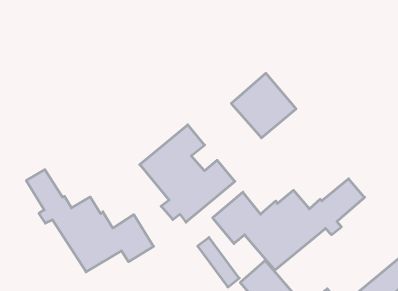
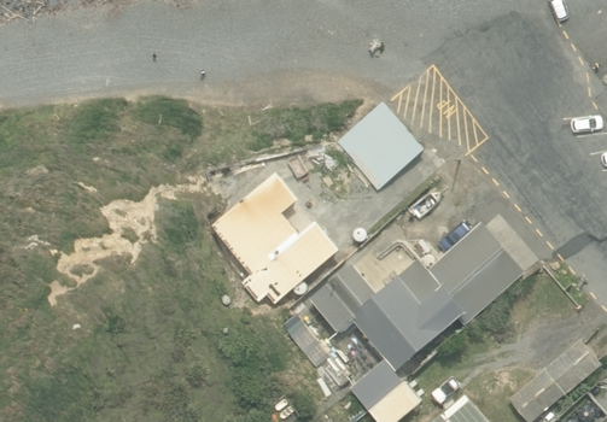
building: [26,170,154,272] -> none

